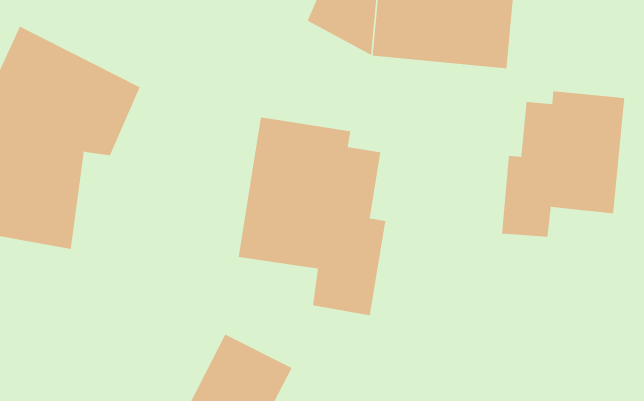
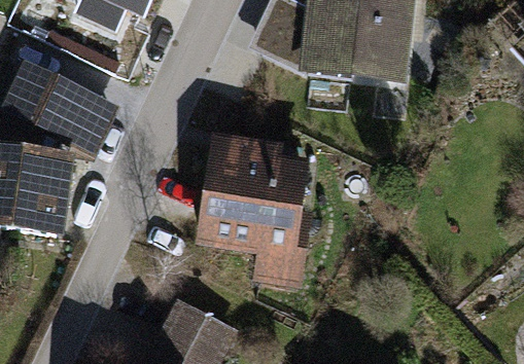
building: [501,91,625,238] -> none

